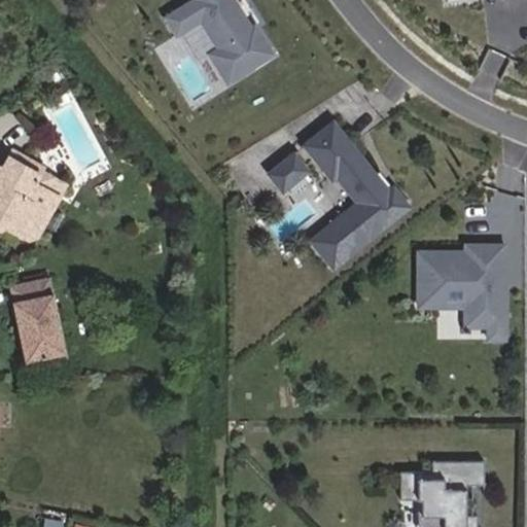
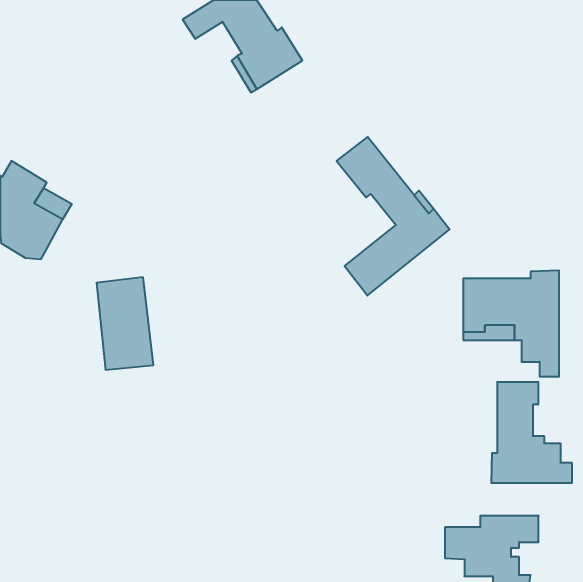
building: [267,149,311,191] -> none
building: [11,270,63,353] -> [96,277,153,370]
building: none -> [491,382,572,483]

